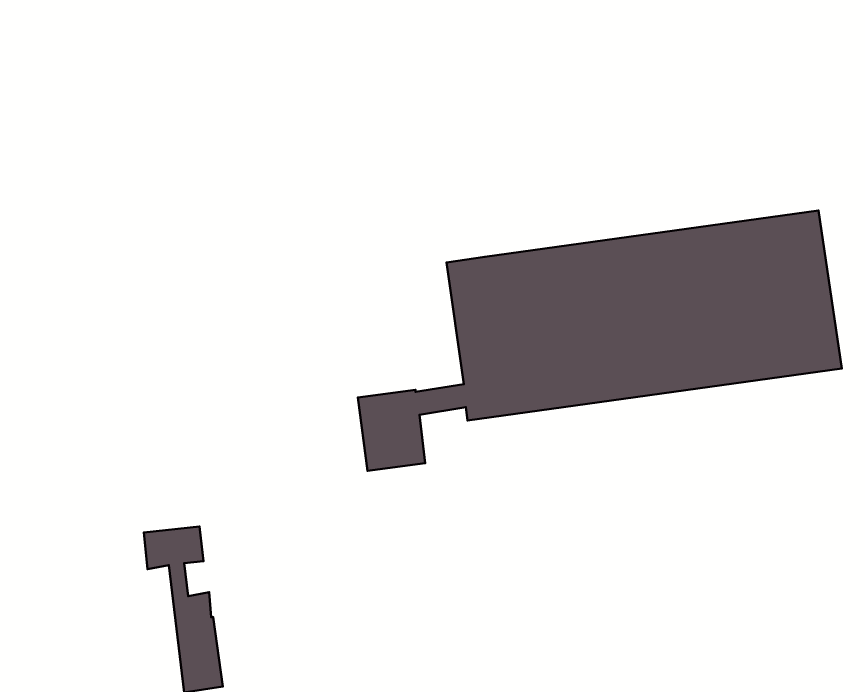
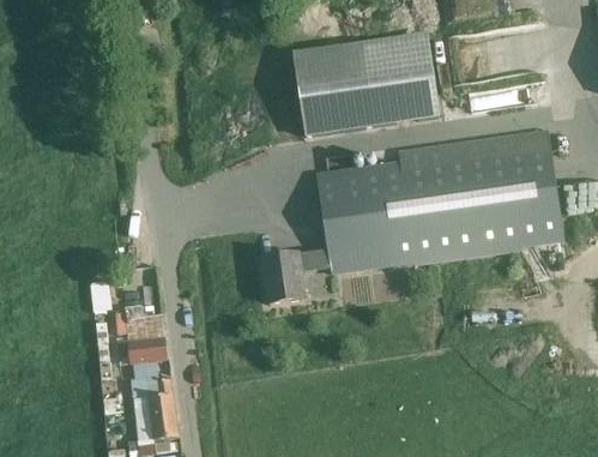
building: none -> [290,31,439,138]

